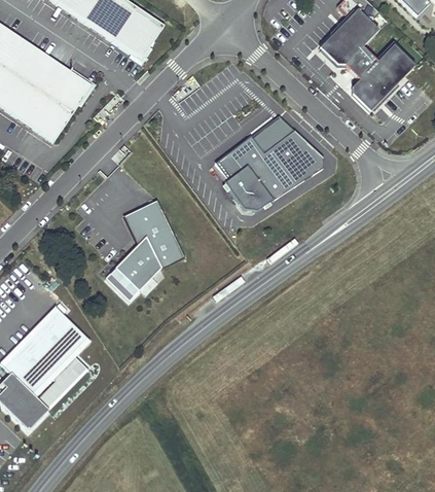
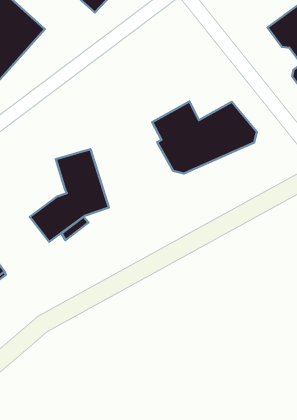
building: [250,115,293,153] -> none

